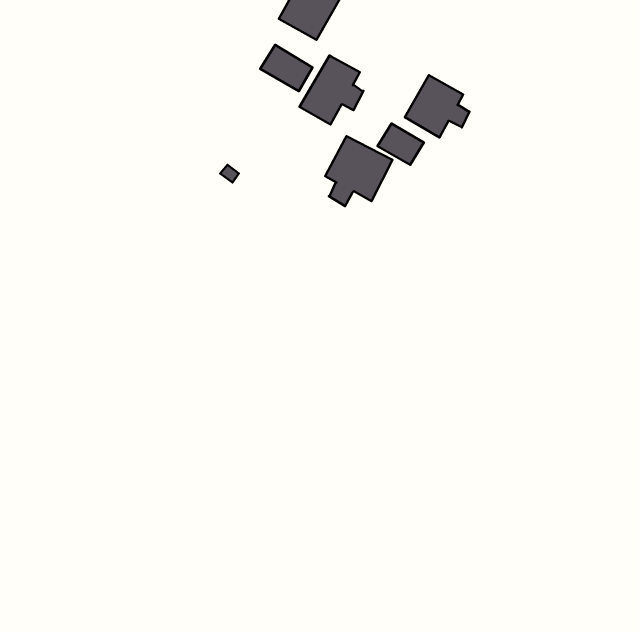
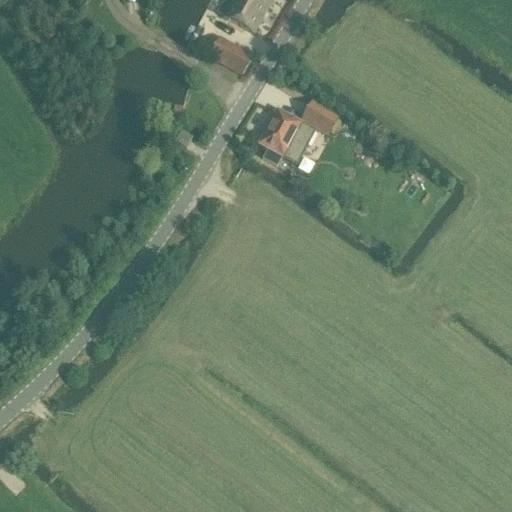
building: [300,55,363,125] -> none
building: [405,75,470,137] -> none

